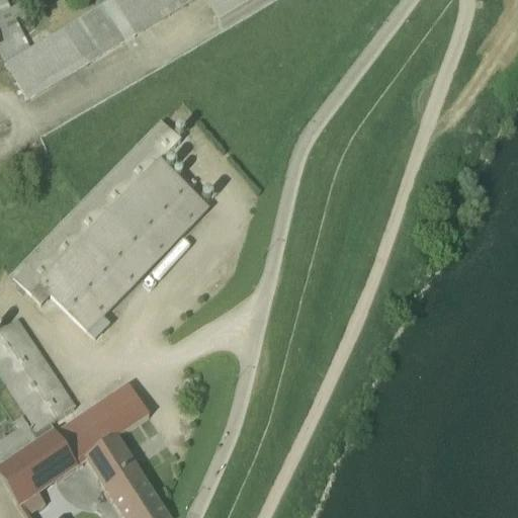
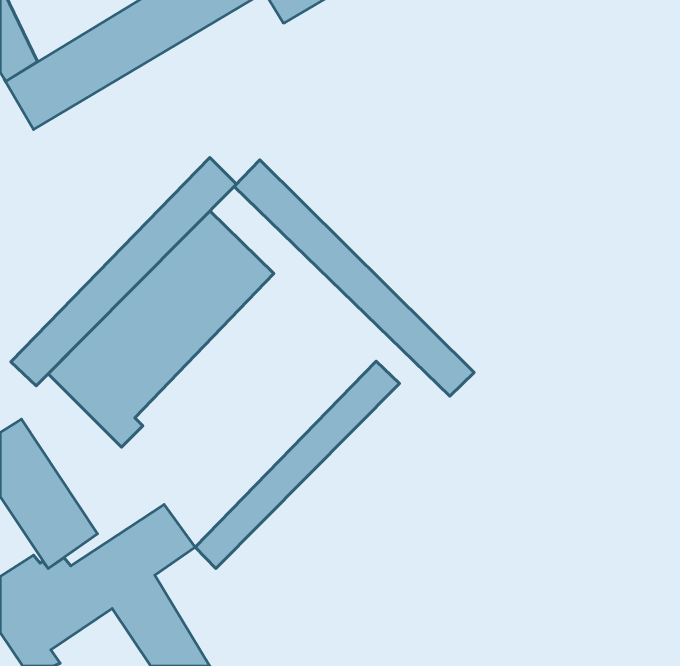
building: none -> [234,160,474,396]
building: none -> [195,361,399,568]

